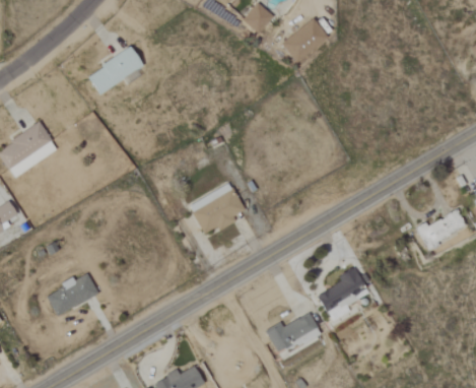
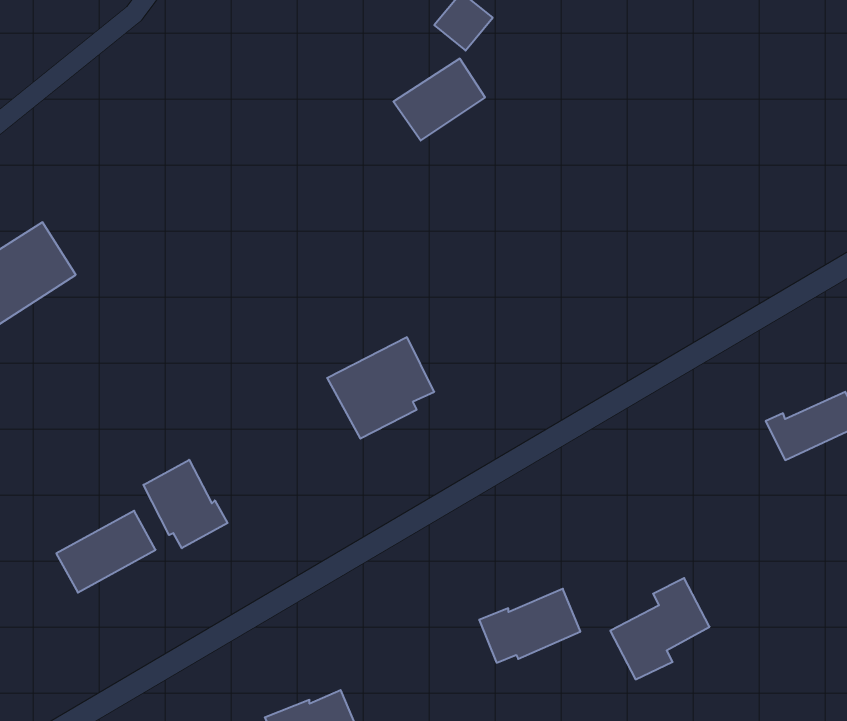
building: [281,19,329,62] -> [393,59,485,141]
building: [87,49,143,93] -> none
building: none -> [143,460,228,548]
building: [318,268,369,321] -> [610,578,710,679]

